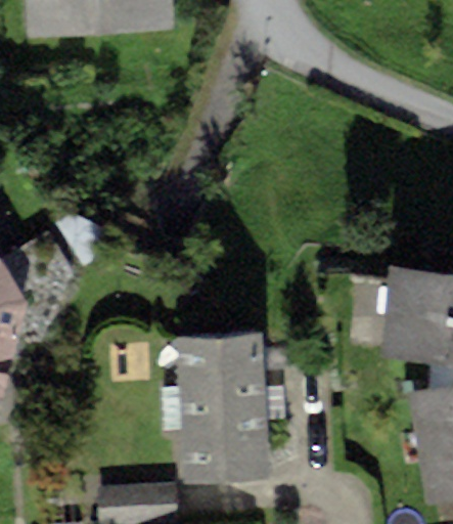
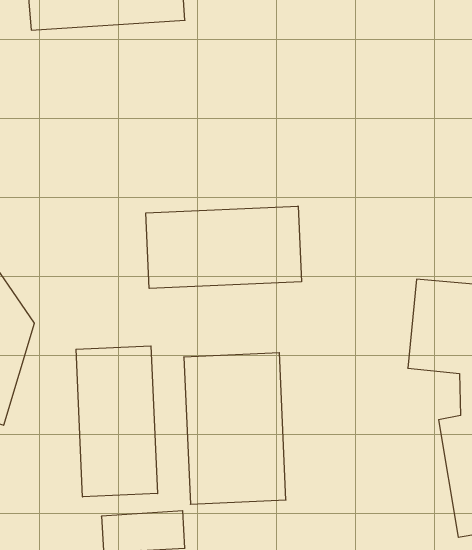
building: none -> [146,206,301,288]
building: none -> [76,346,158,497]

